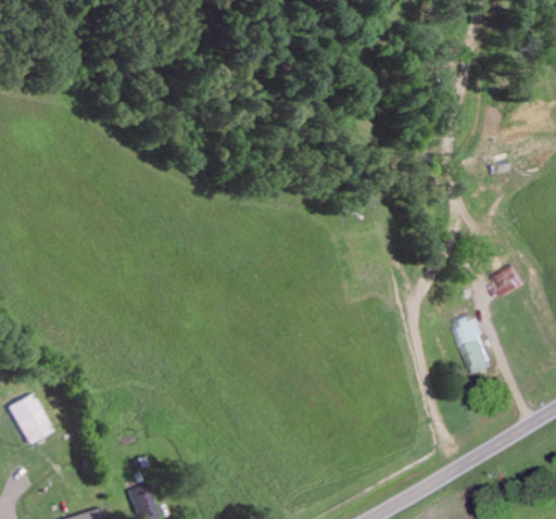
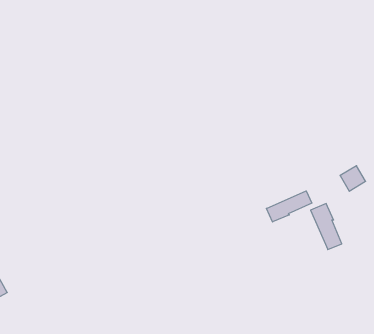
building: none -> [266,191,312,222]

